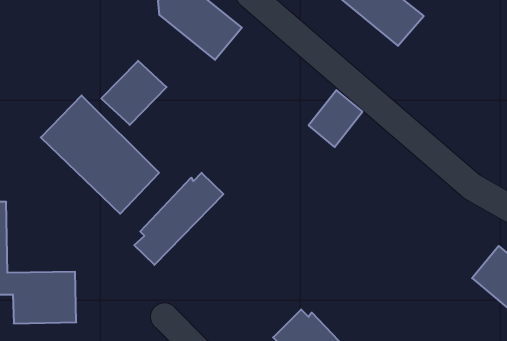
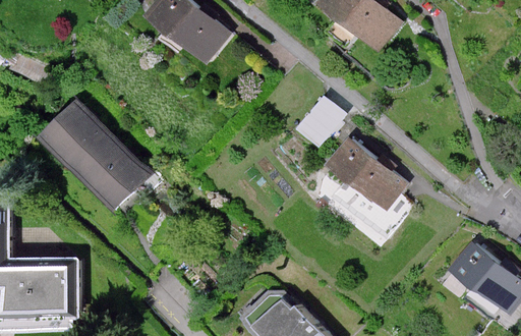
building: [101,61,167,125] -> none
building: none -> [329,135,405,213]
building: [134,173,223,265] -> none

